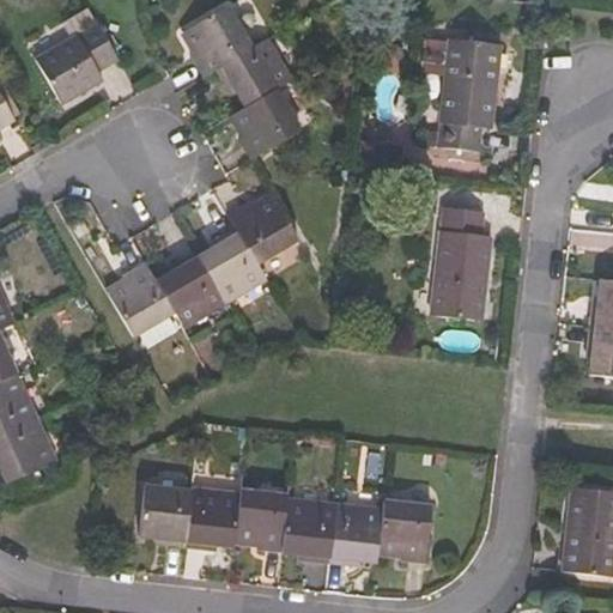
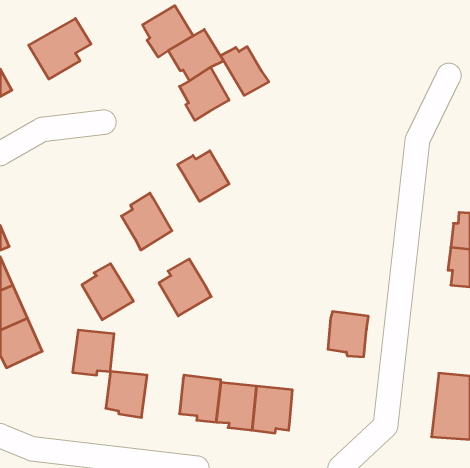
building: [437,37,498,148] -> none
building: none -> [221,47,269,95]
building: [431,206,490,318] -> none
building: [199,226,267,301] -> [159,259,211,316]
building: [109,262,176,335] -> [82,264,133,320]
building: [184,488,238,547] -> [73,330,114,375]
building: [377,499,430,558] -> [328,312,368,357]

